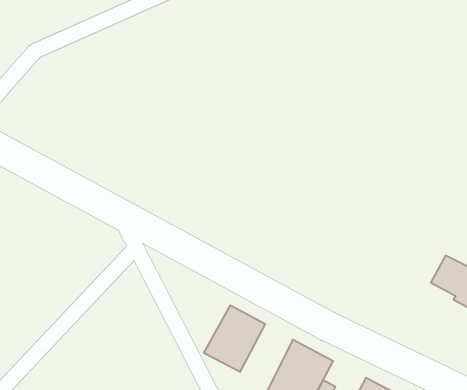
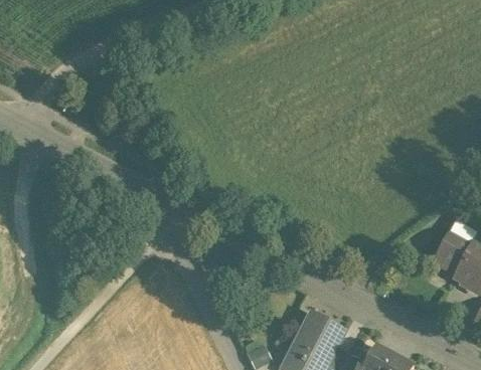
building: [204,305,265,372] -> none

